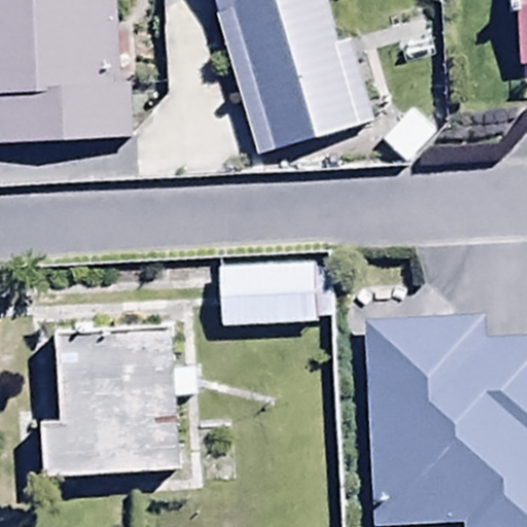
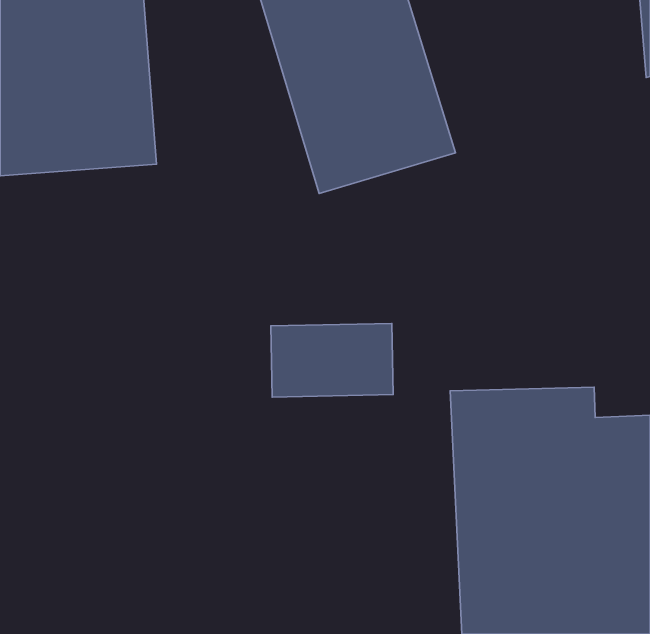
building: [44,333,200,478] -> none

